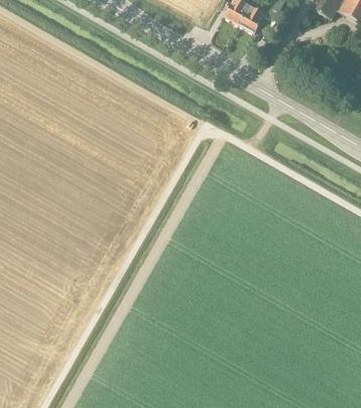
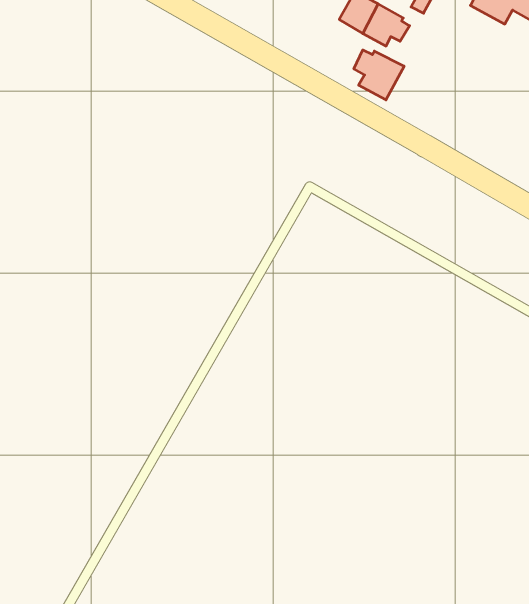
building: none -> [354,50,404,100]

